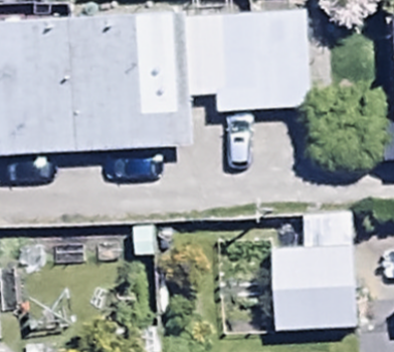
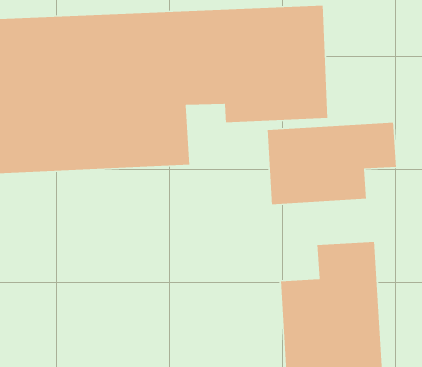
building: none -> [267,122,397,205]

